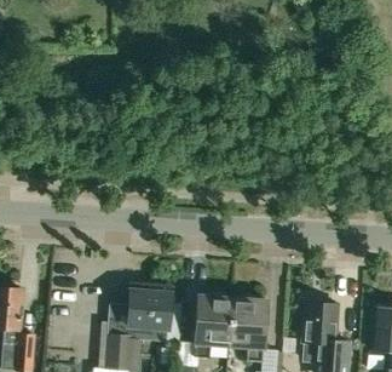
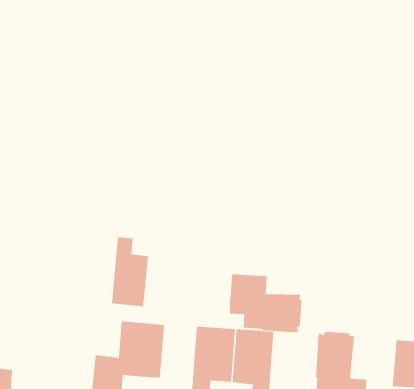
building: none -> [111,236,148,307]
building: none -> [229,274,302,333]

